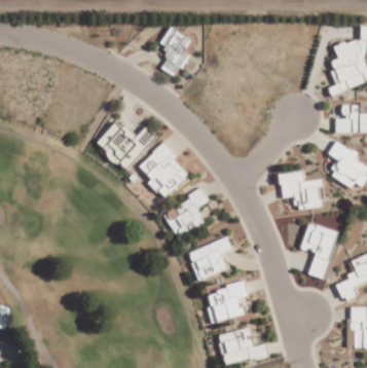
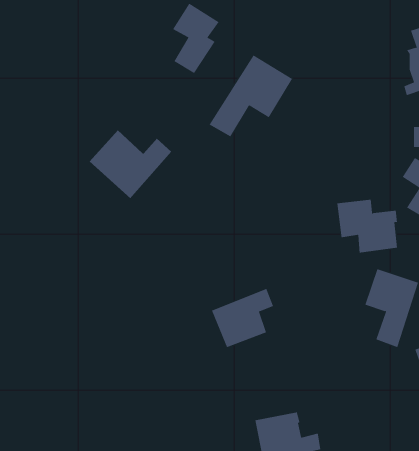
building: none -> [209,54,293,137]
building: [137,141,188,199] -> none
building: [160,190,208,238] -> none
building: [206,283,247,323] -> none

